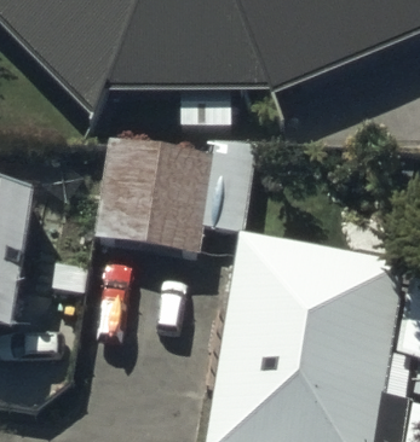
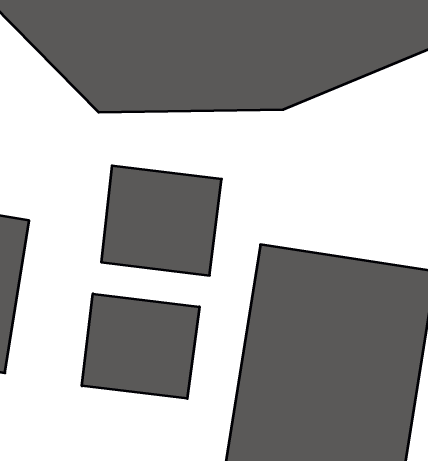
building: none -> [82,294,199,399]

